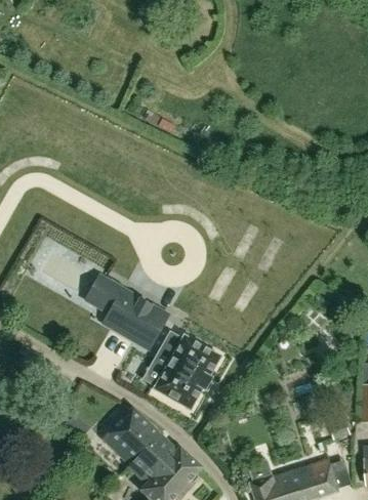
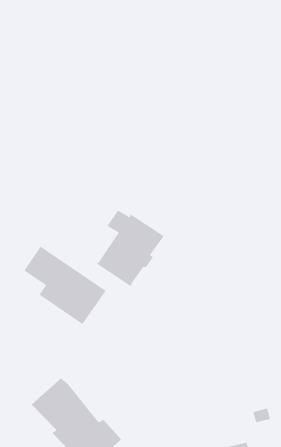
building: [152,332,219,410] -> [96,210,164,286]

